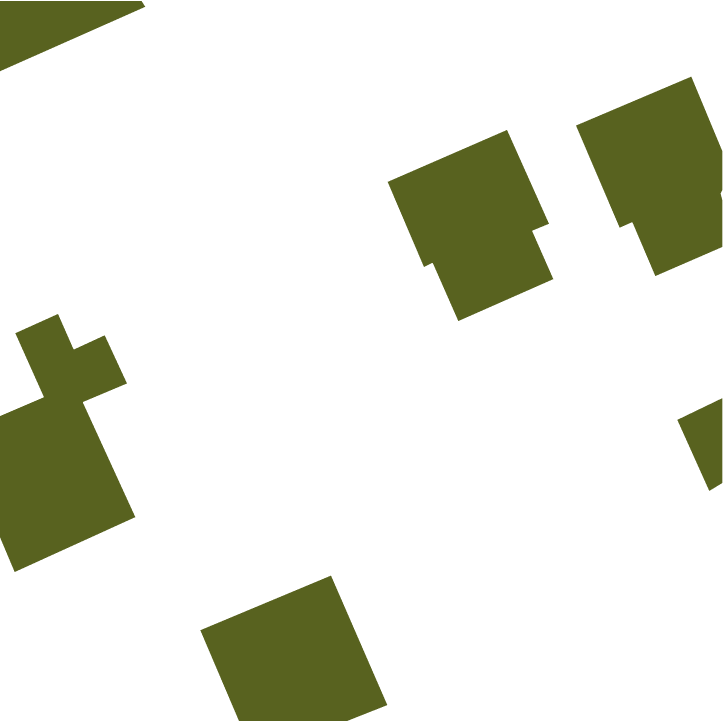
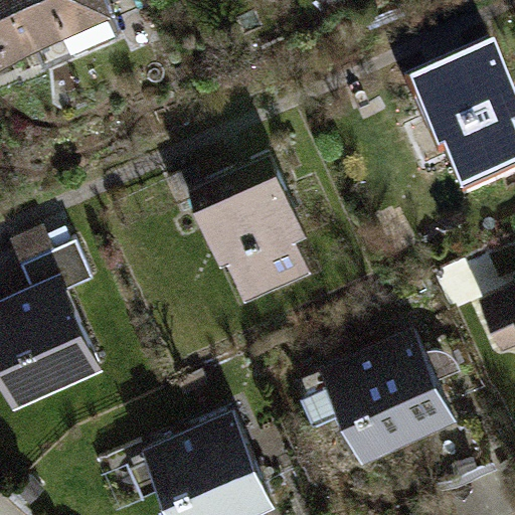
building: [387,129,554,322] -> [192,166,311,303]
building: none -> [322,327,455,461]

